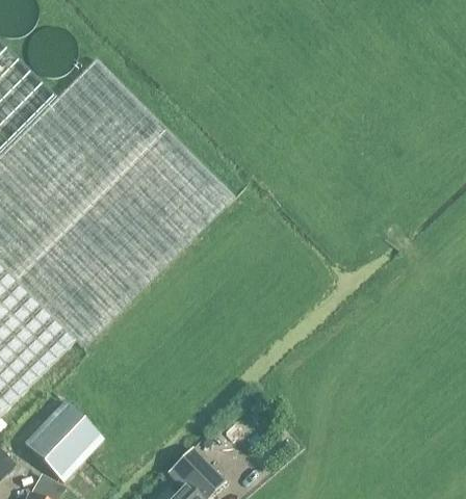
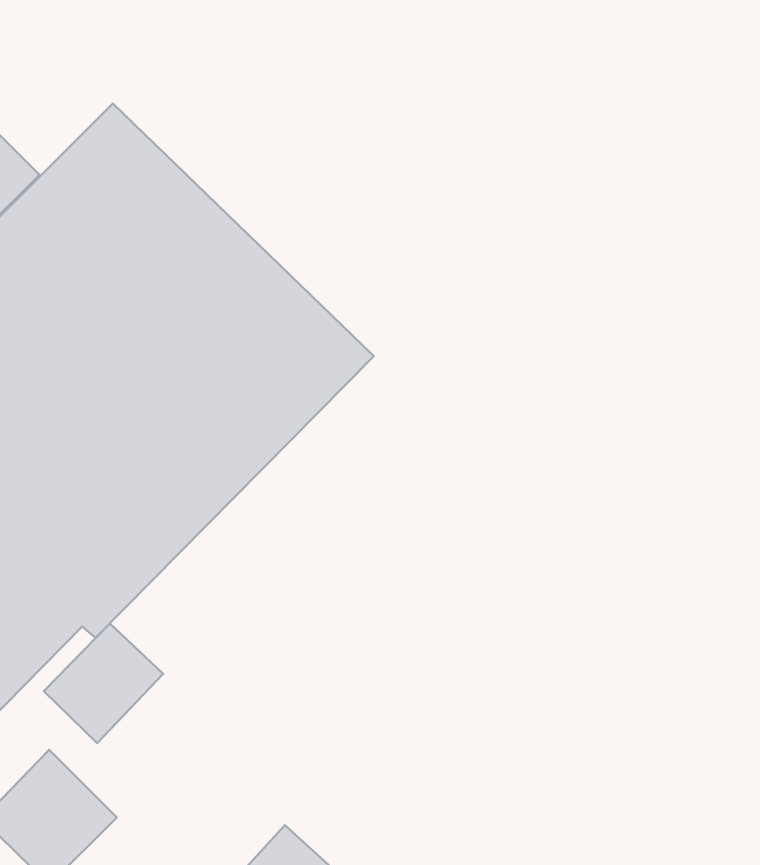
building: none -> [44,624,163,743]

